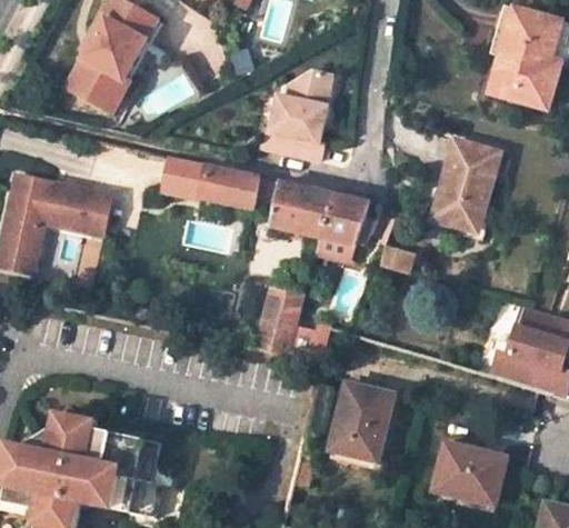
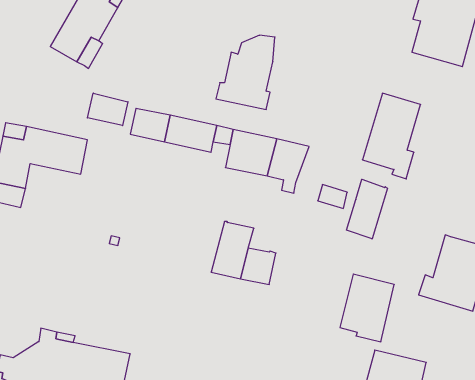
building: none -> [87,93,128,126]
building: none -> [346,179,387,239]
building: [329,380,392,459] -> [340,274,394,342]

